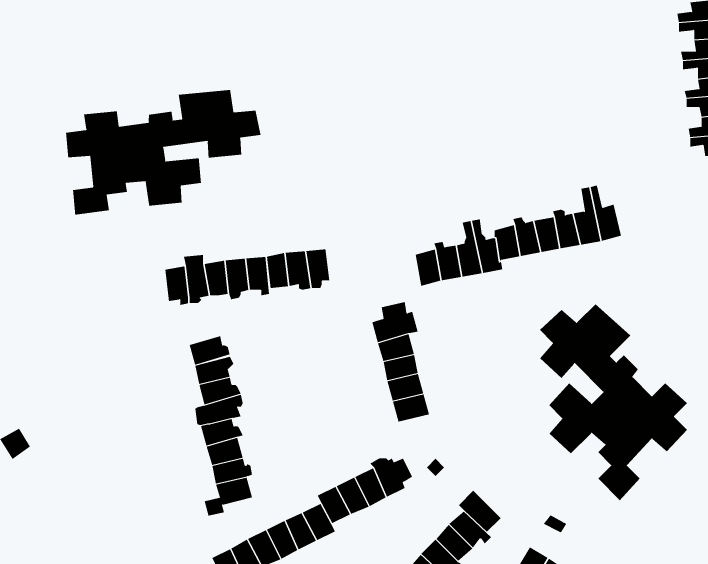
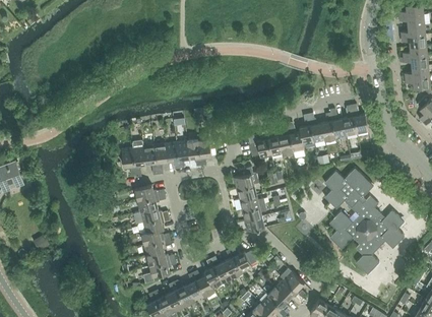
building: [66,89,261,215] -> none

